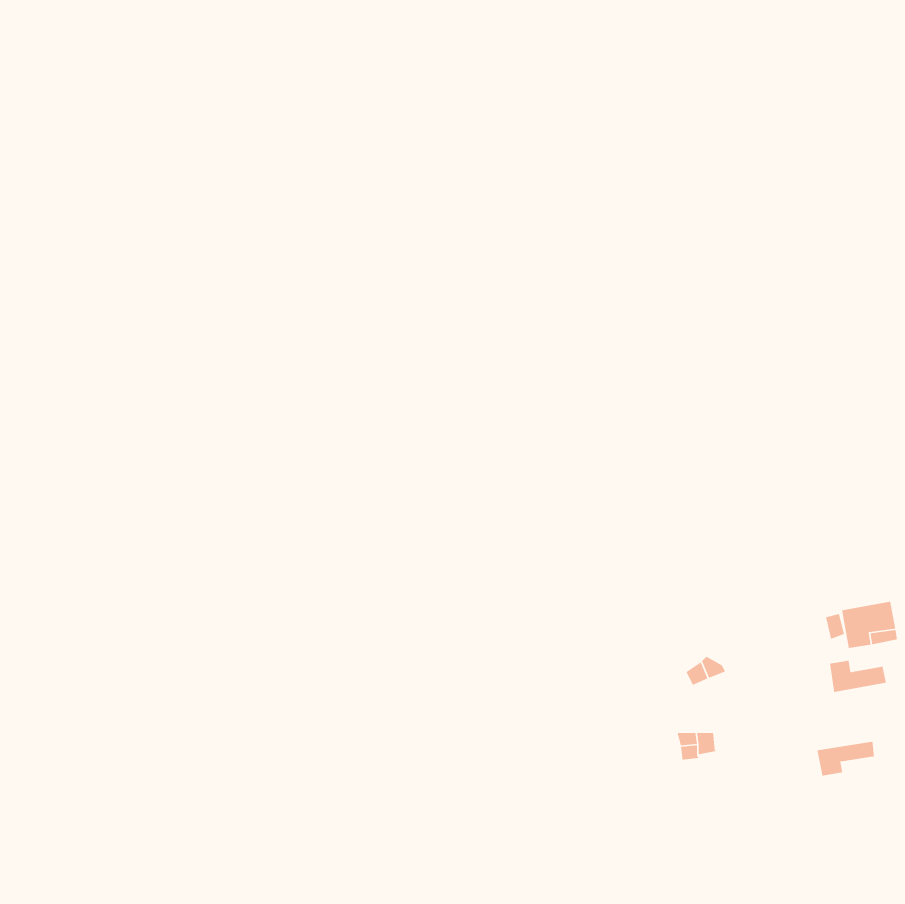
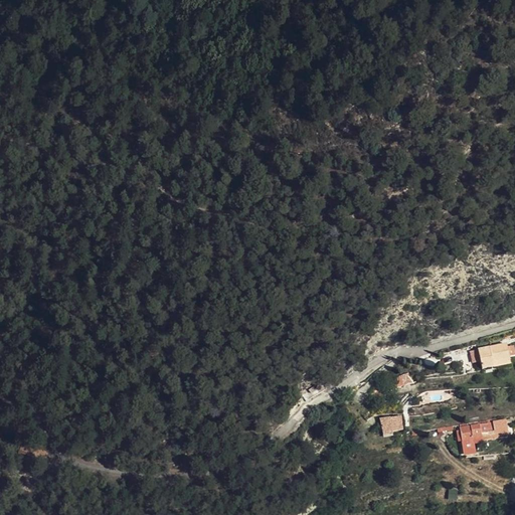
building: [829,660,887,693] -> none

